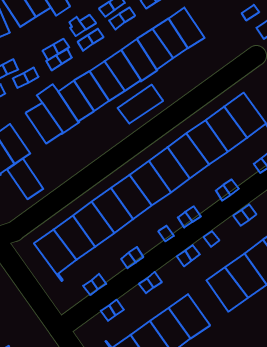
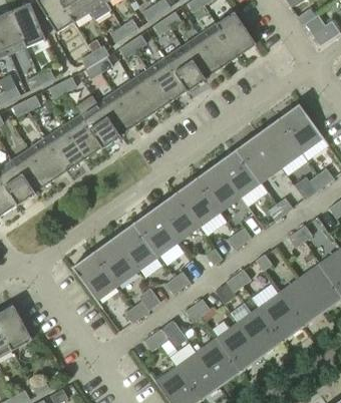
building: [118,85,163,124] -> none
building: [7,158,43,199] -> [45,126,84,170]
building: none -> [238,308,282,357]

